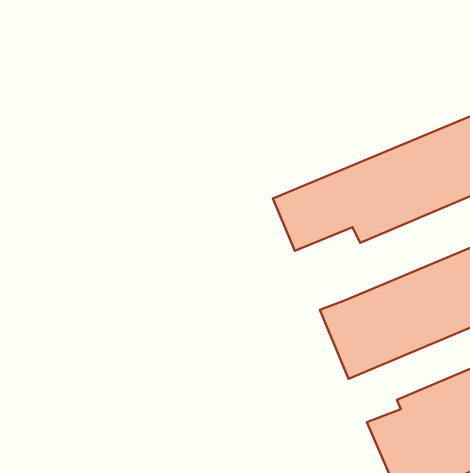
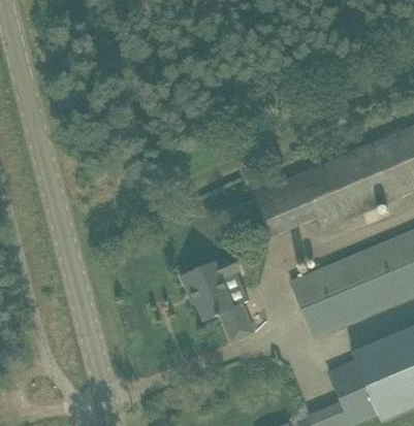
building: none -> [182,254,254,340]

